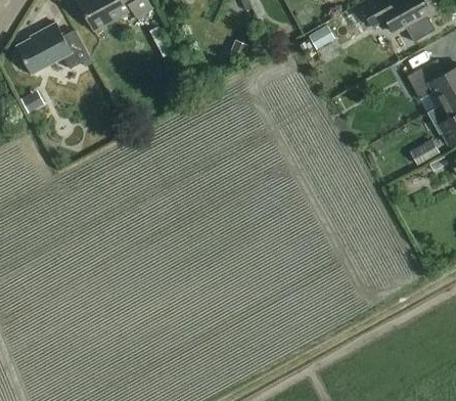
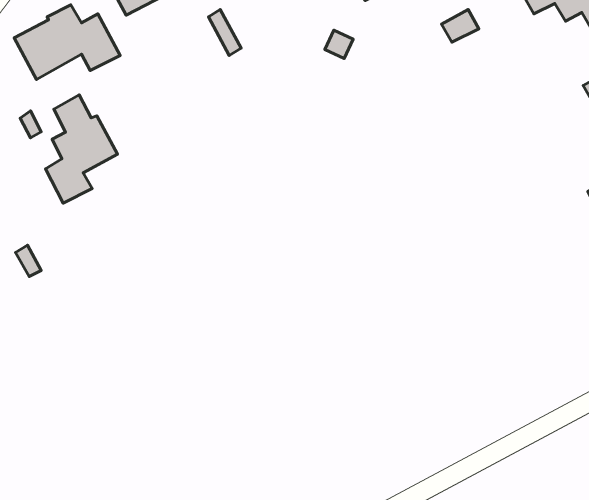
building: none -> [45,95,118,203]

